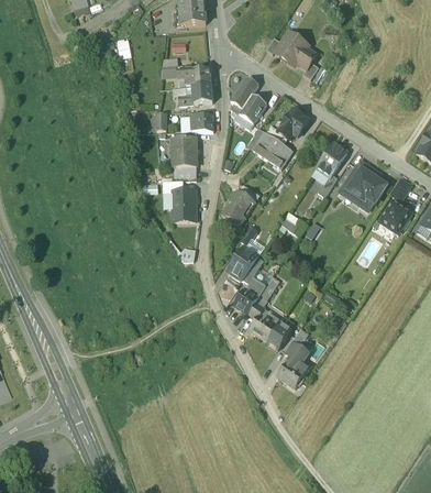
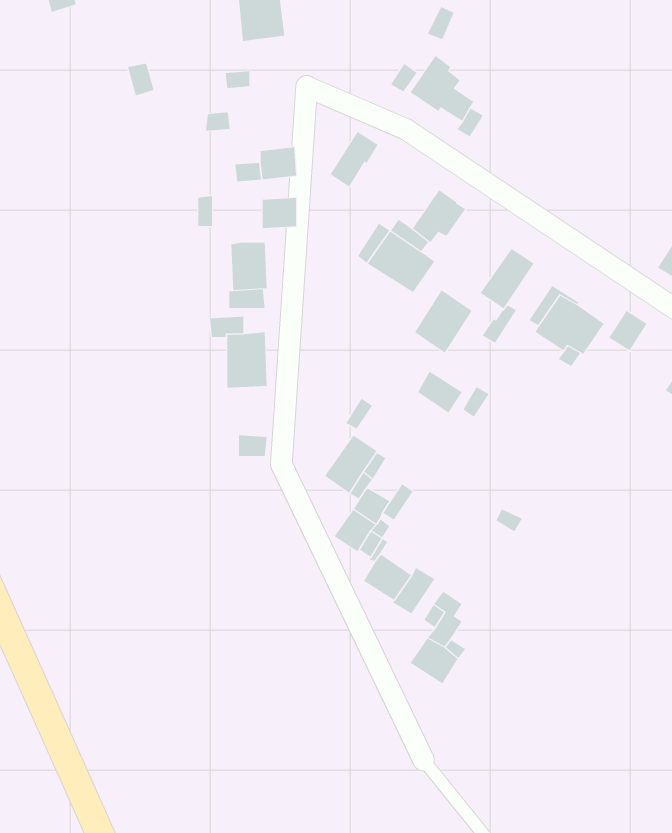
building: [178,67,211,86] -> none
building: [237,92,266,122] -> none
building: [221,189,254,226] -> [414,289,472,354]
building: [378,199,411,232] -> none

